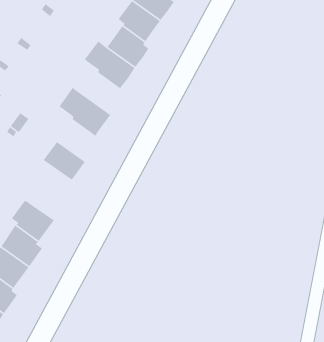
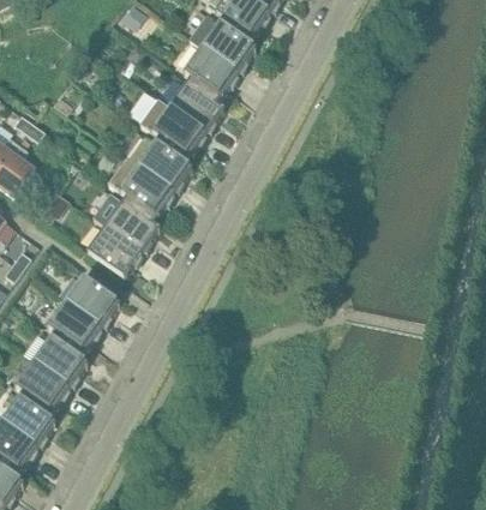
building: none -> [127,137,192,194]
building: none -> [91,193,160,254]
building: none -> [64,277,119,329]

